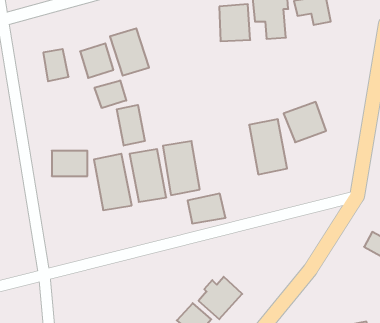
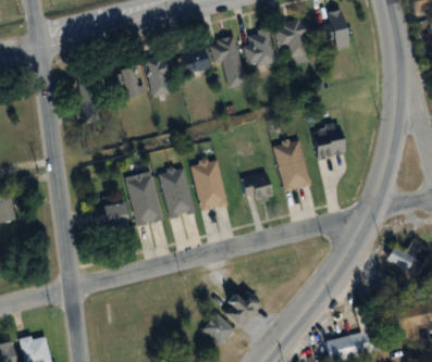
building: none -> [207,36,243,86]
building: none -> [175,45,208,74]
building: [95,80,126,108] -> none
building: [117,105,145,146] -> none
building: [52,151,87,176] -> [92,204,126,228]
building: [188,194,226,223] -> [236,173,272,201]

